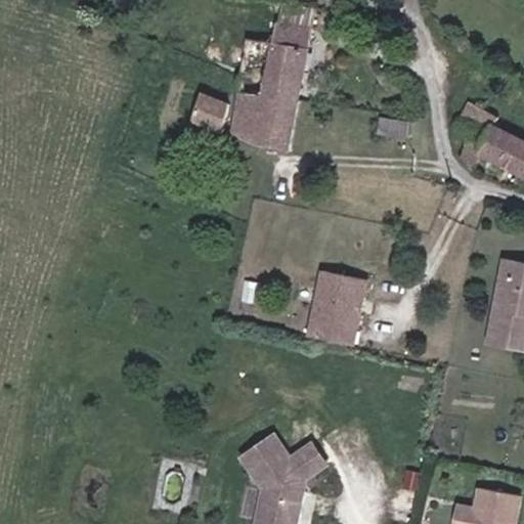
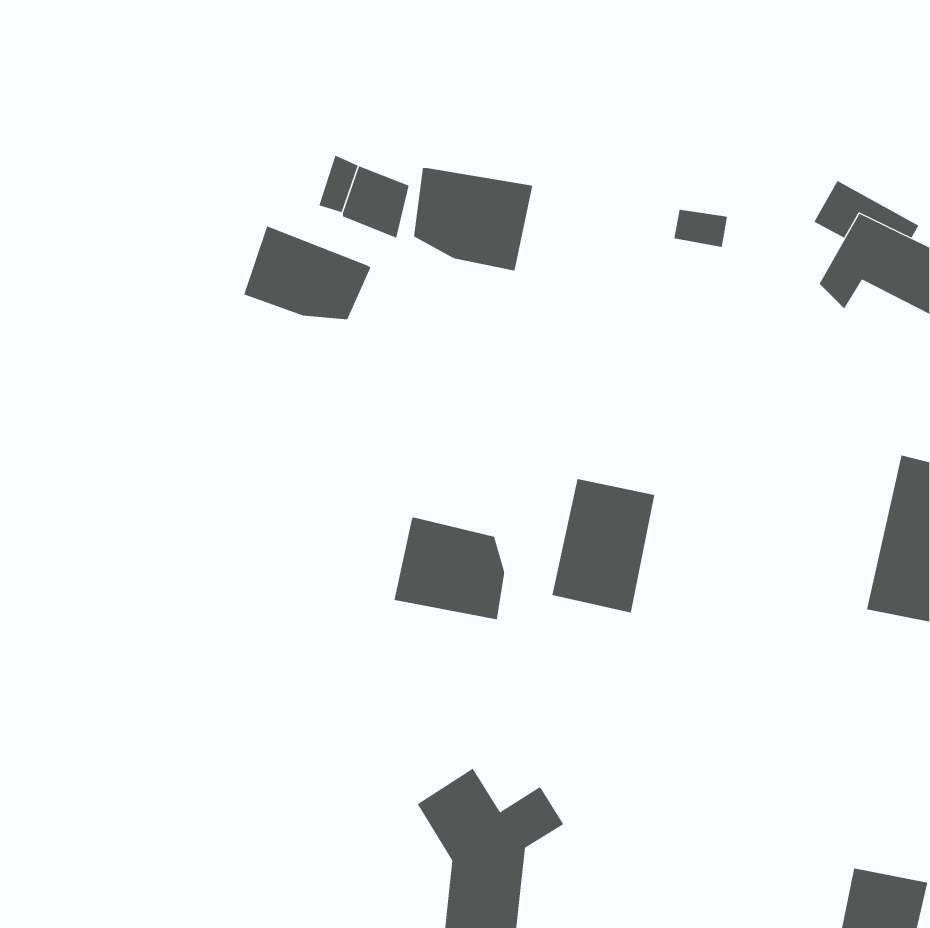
building: [239,21,314,105] -> none
building: none -> [243,225,371,320]
building: none -> [394,516,505,620]

